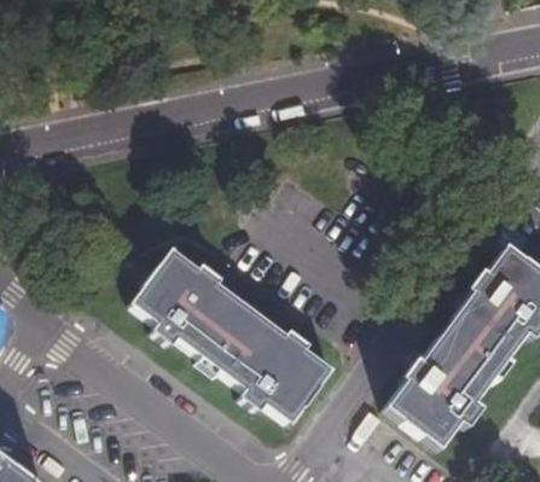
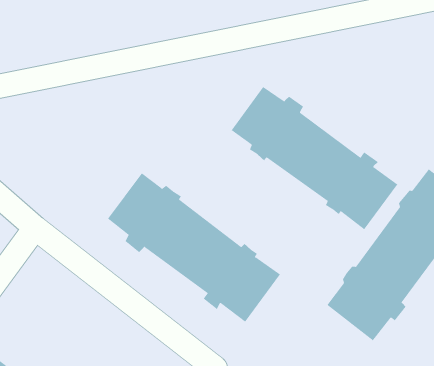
building: none -> [231,86,398,230]

